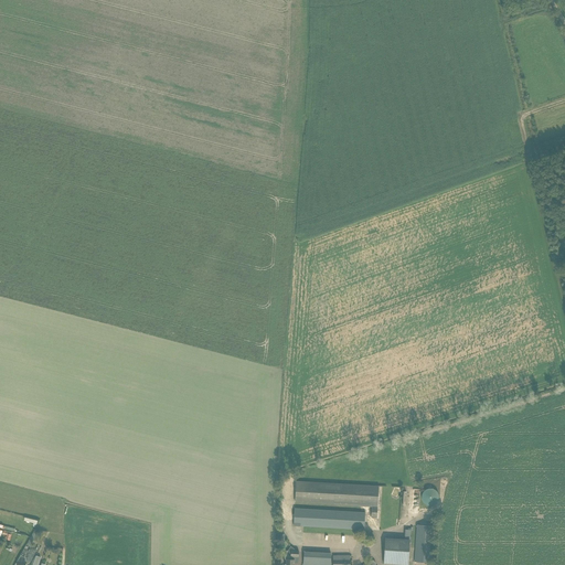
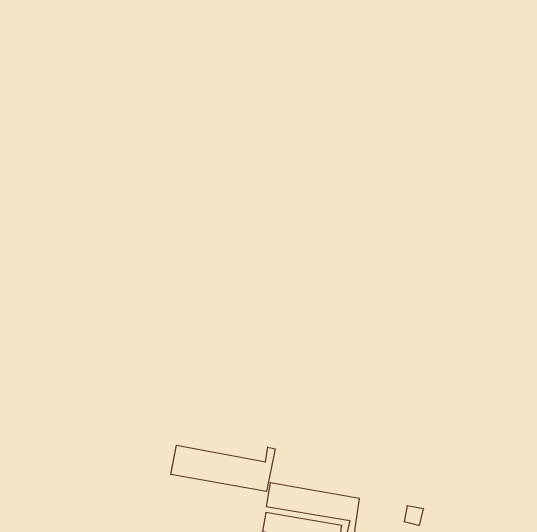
building: none -> [171,445,275,491]

